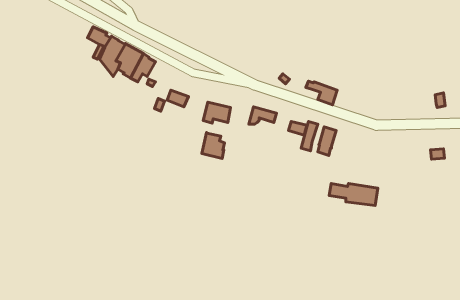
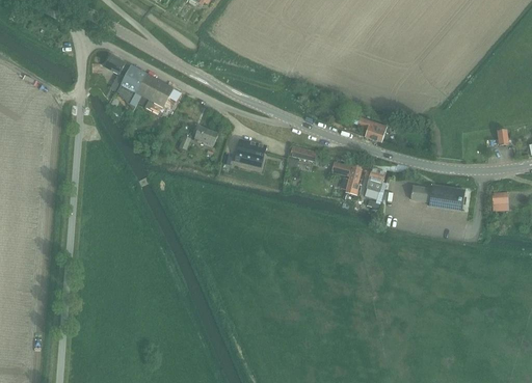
building: [202,133,224,159] -> none
building: [329,184,378,206] -> [410,185,466,210]

